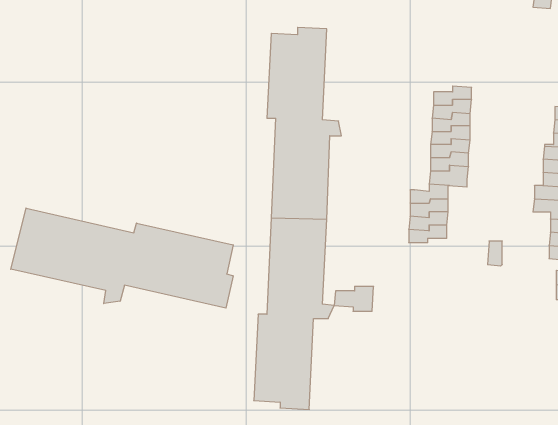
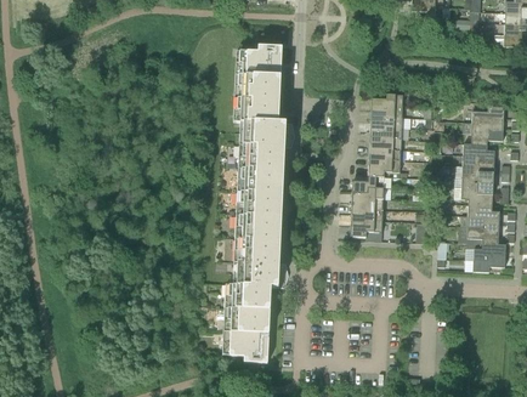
building: [11,208,233,308] -> none
building: [334,286,374,311] -> [350,220,382,240]

